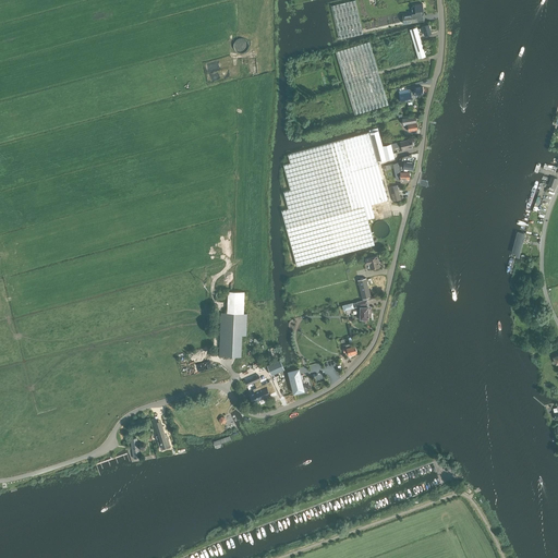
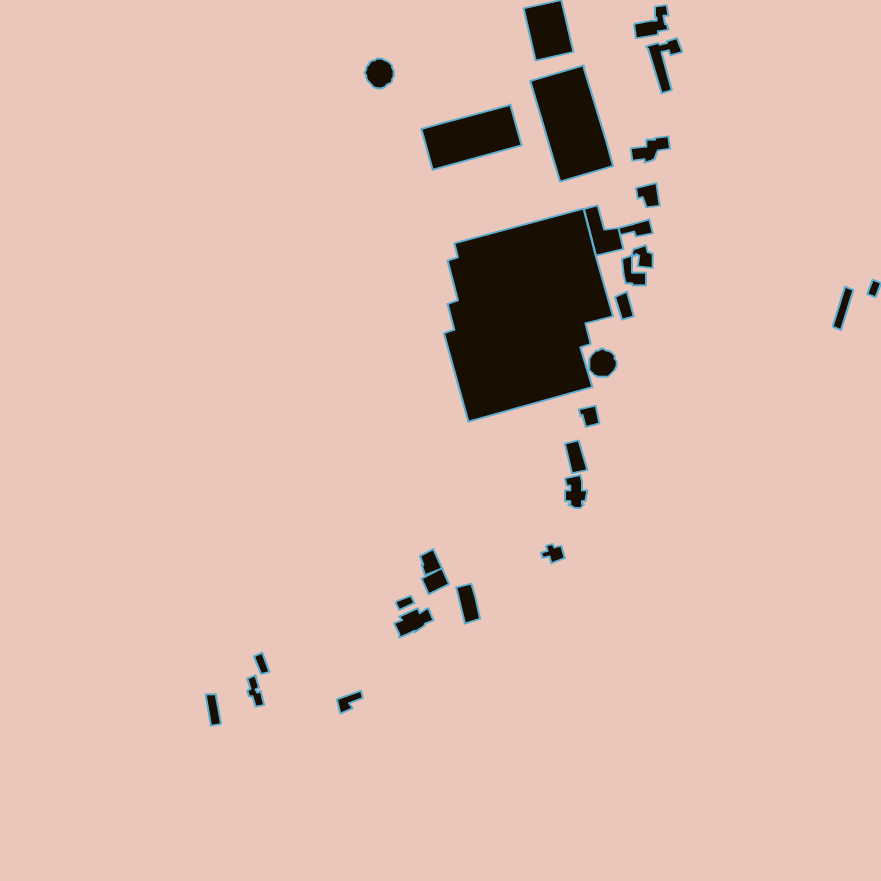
building: none -> [421,104,521,170]
building: [218,292,246,357] -> none

